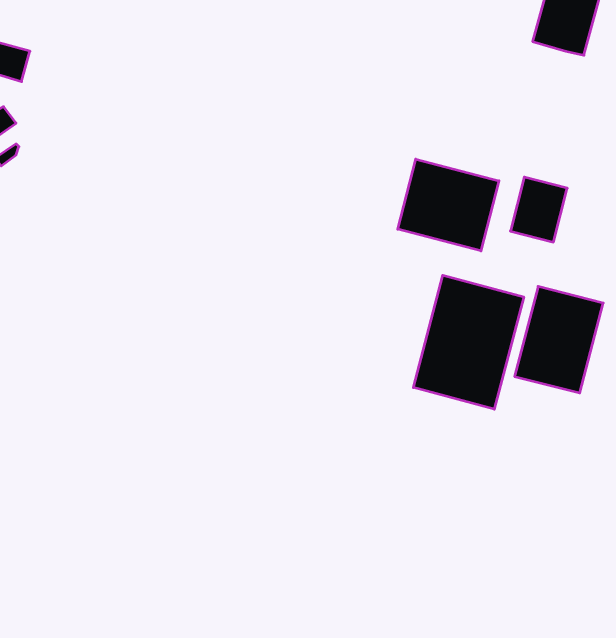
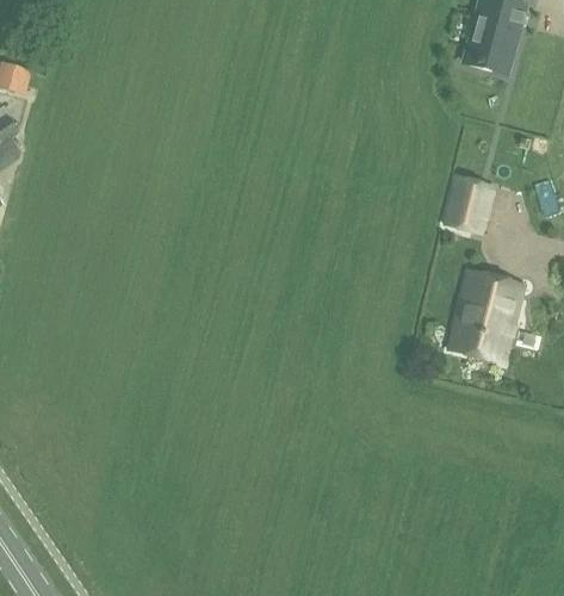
building: [398,159,499,251] -> none
building: [413,275,524,409] -> none

